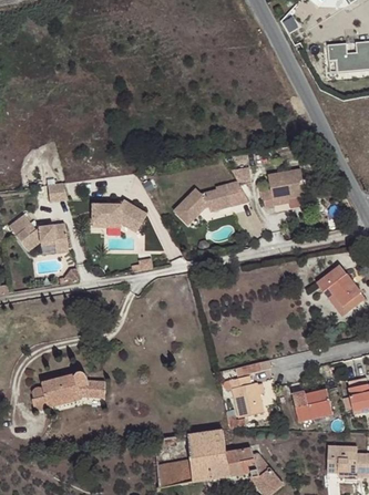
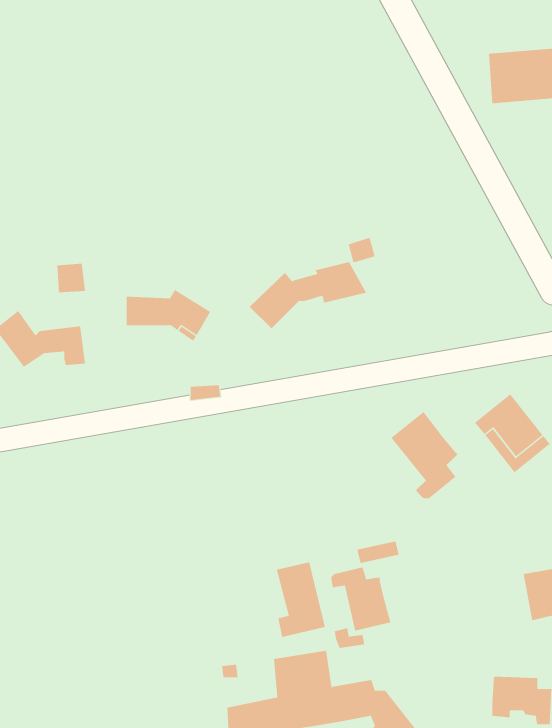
building: [262,169,305,208] -> none
building: none -> [390,411,458,499]
building: [32,370,106,410] -> none
building: none -> [276,562,326,638]
building: [294,389,332,420] -> none

